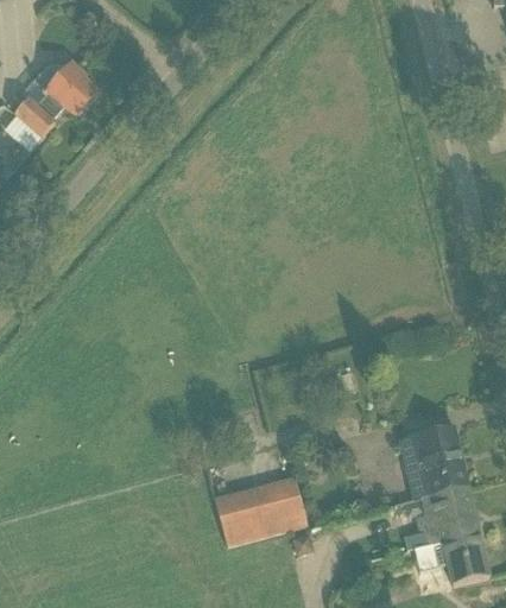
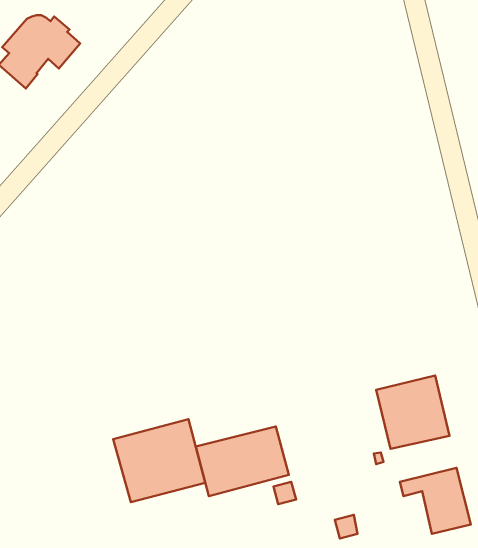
building: none -> [113,419,205,502]
building: [410,486,476,532] -> none

